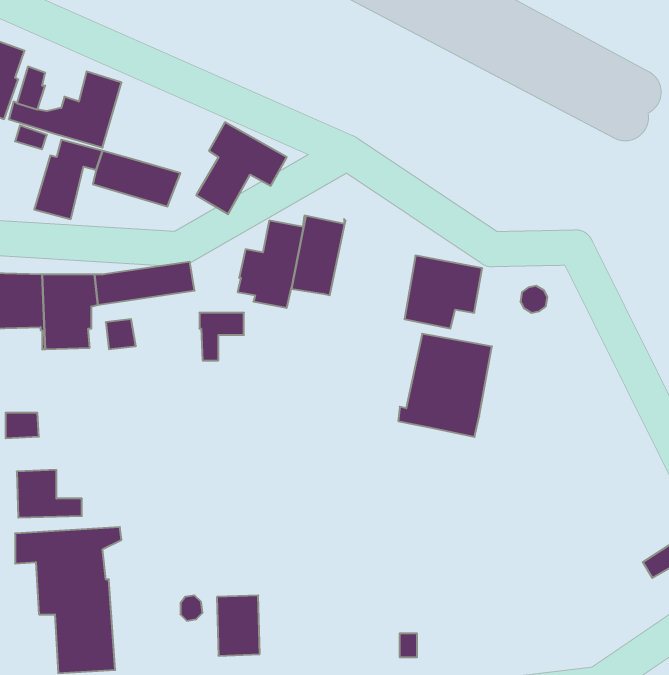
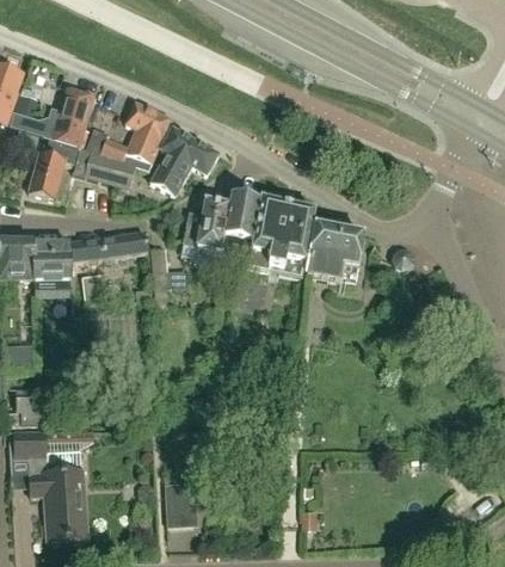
building: none -> [85,100,168,166]
building: [398,334,492,437] -> [244,199,314,277]

